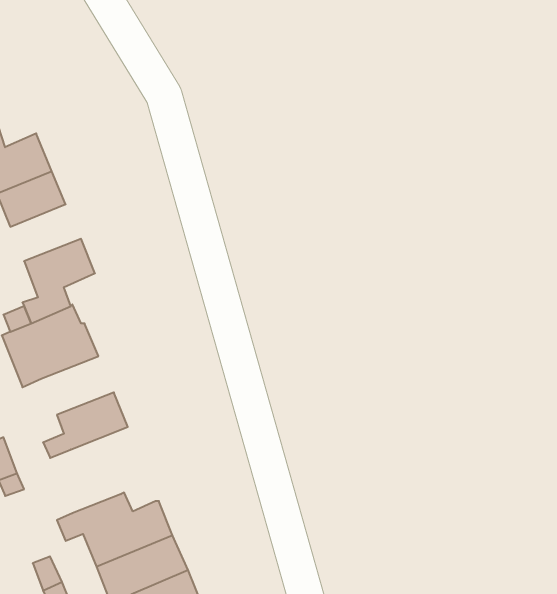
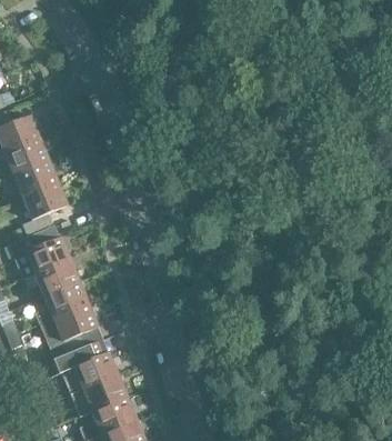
building: none -> [14,160,60,197]
building: none -> [34,258,81,295]
building: none -> [40,303,99,359]

